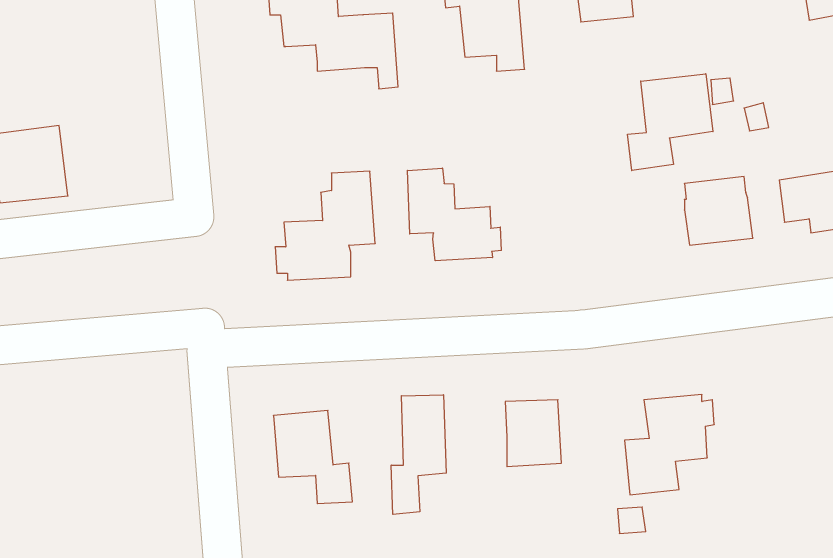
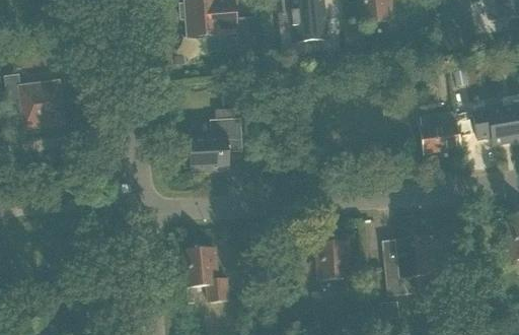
building: [628,74,713,171] -> none
building: [407,168,501,261] -> none
building: [391,395,446,514] -> none

